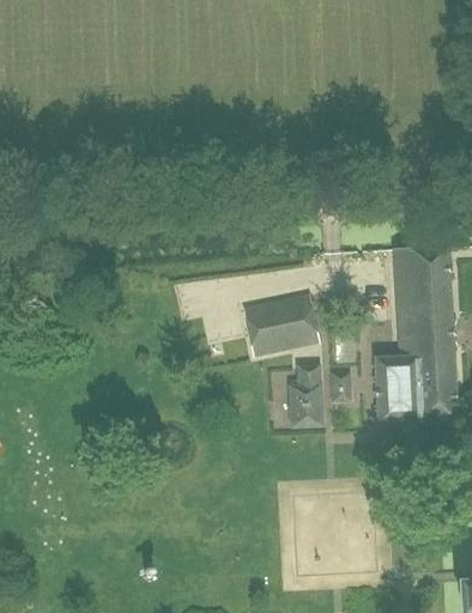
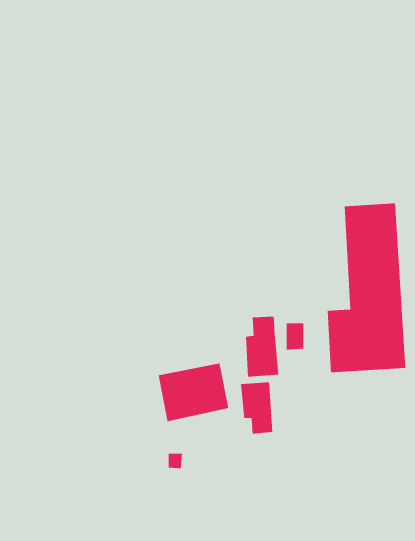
building: [243,292,319,354] -> [158,363,229,422]
building: none -> [241,381,273,434]

